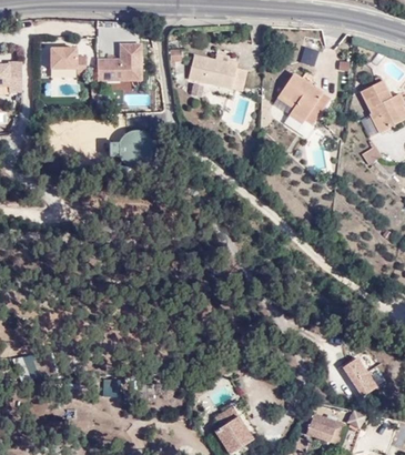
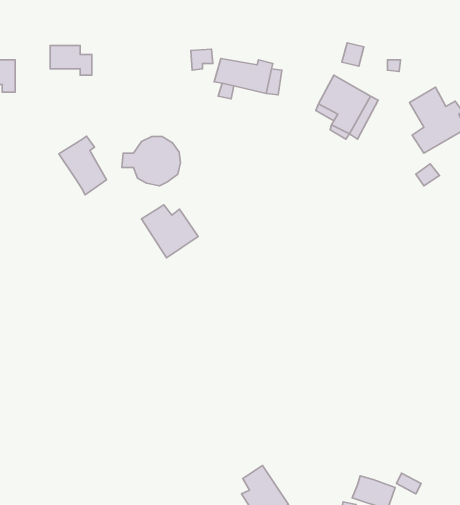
building: [95,43,141,80] -> none
building: none -> [59,136,106,195]
building: none -> [142,205,198,258]
building: [342,357,375,396] -> none

